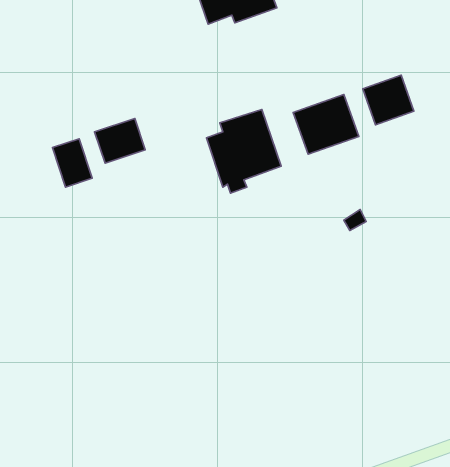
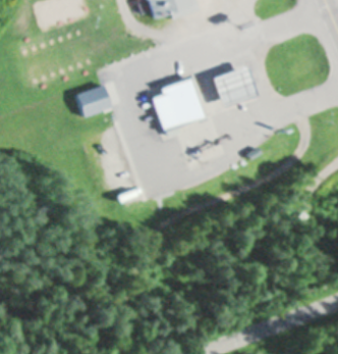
building: [363,75,414,125] -> none
building: [52,139,92,187] -> none

